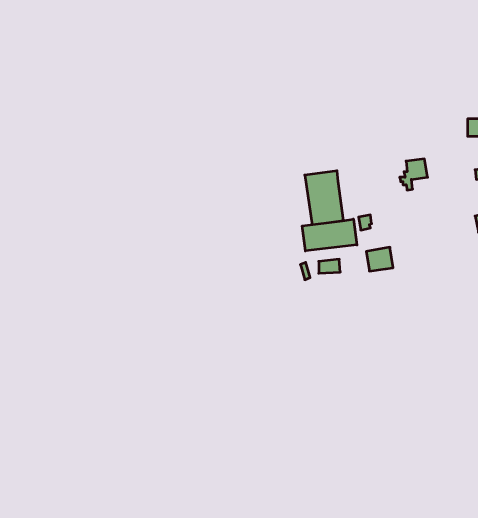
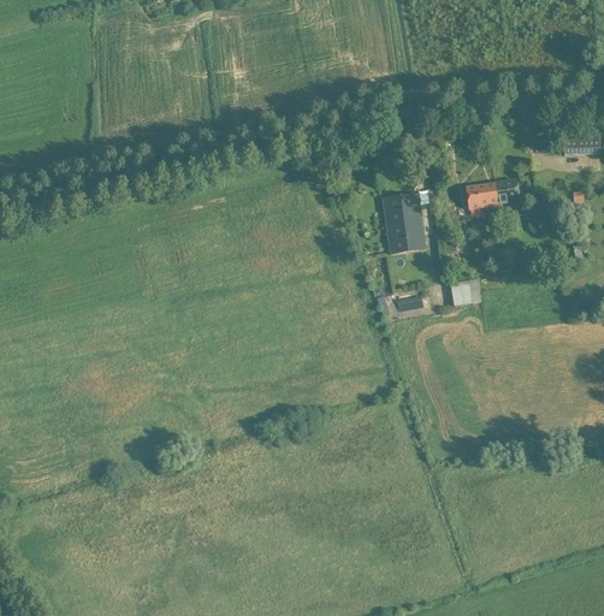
building: none -> [464,182,496,215]
building: [302,219,357,251] -> none

